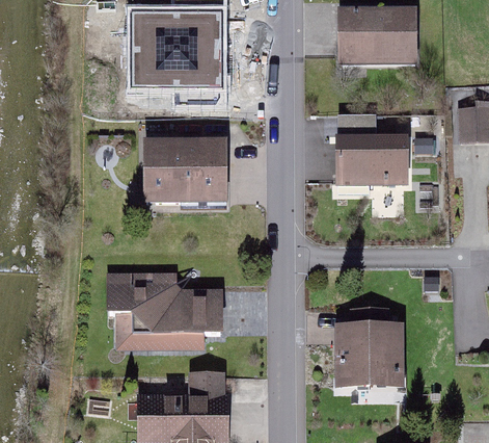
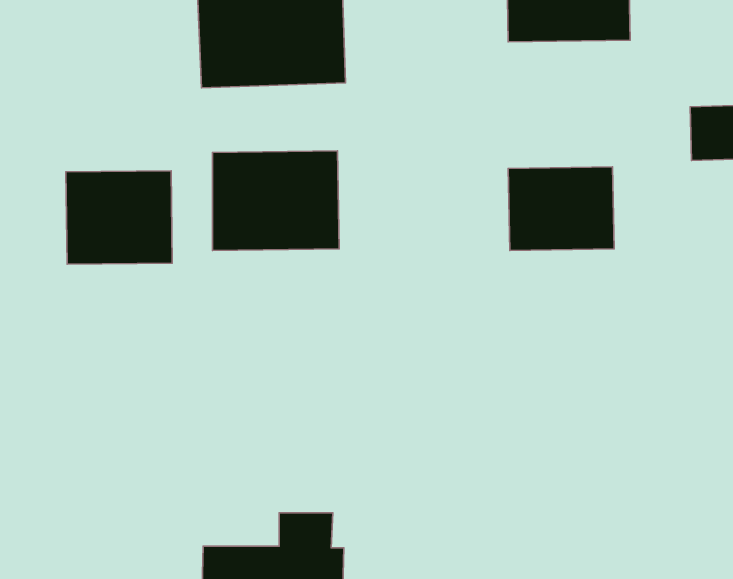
building: none -> [66,171,172,264]
building: [109,280,225,357] -> none
building: [333,318,403,384] -> none

